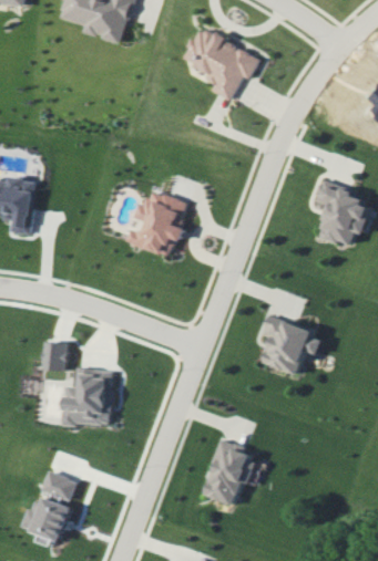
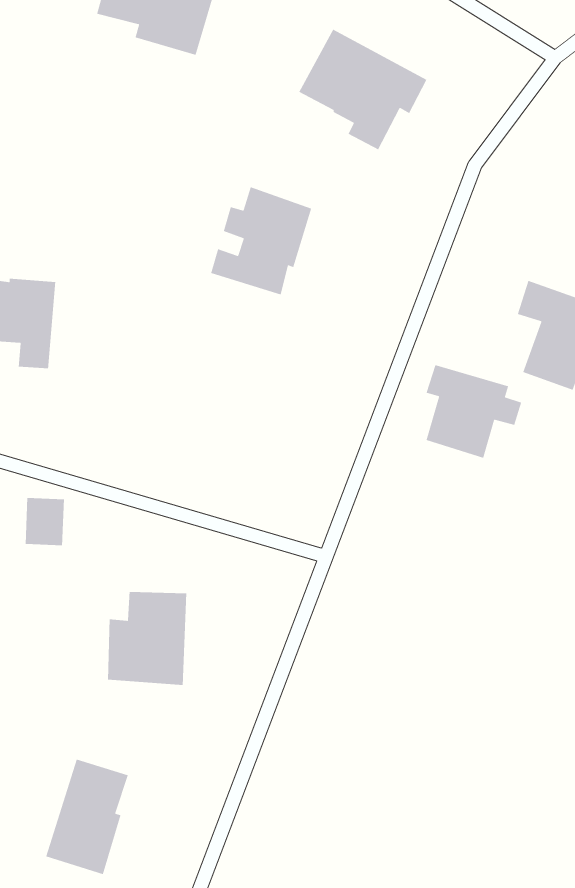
building: [129,190,191,257] -> [210,186,312,295]
building: [264,316,323,374] -> [426,364,522,459]
building: [47,341,71,371] -> [25,497,65,546]
building: [206,445,259,505] -> none

